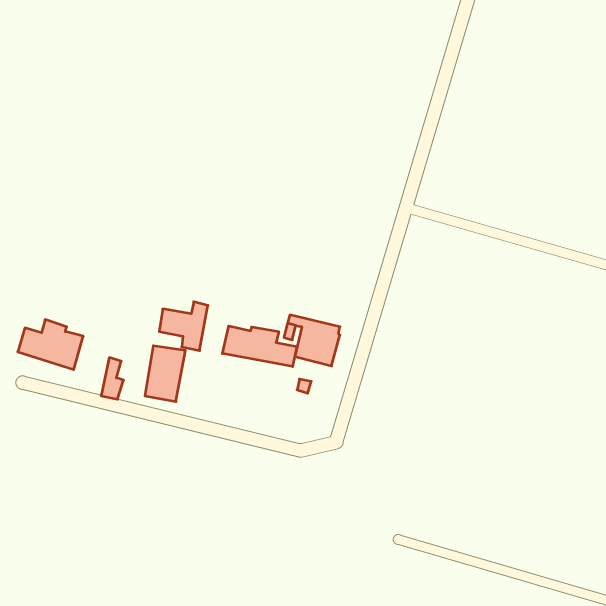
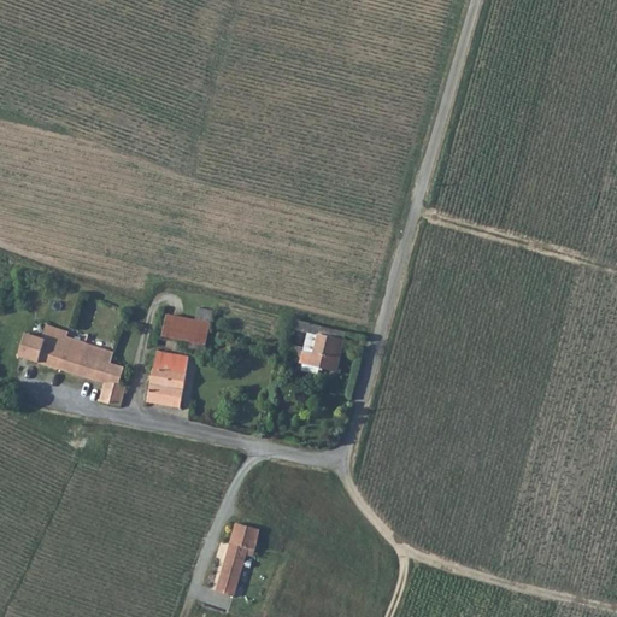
building: [222,326,297,367] -> none
building: none -> [75,341,112,401]
building: none -> [213,522,259,597]

